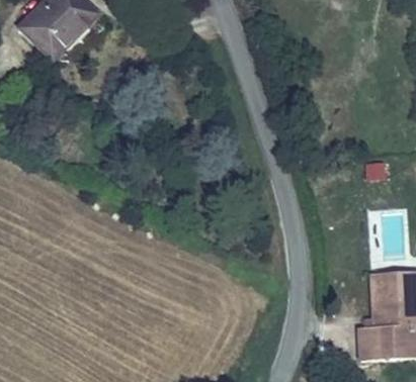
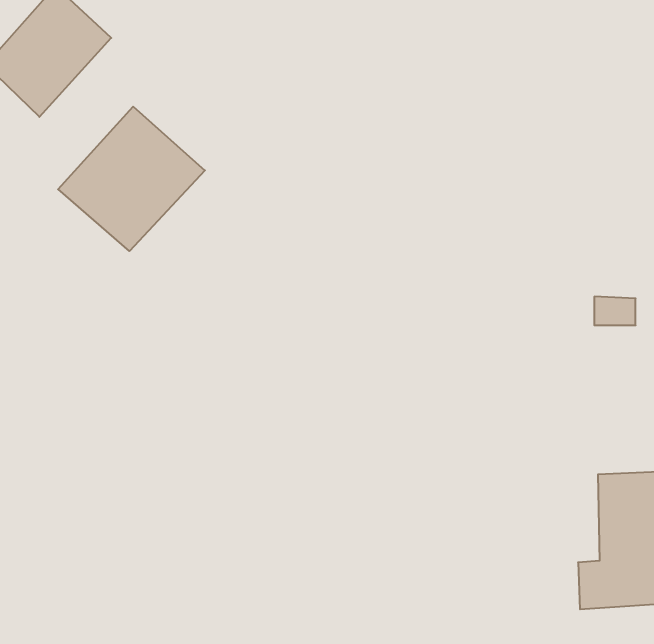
building: none -> [58,107,205,251]

